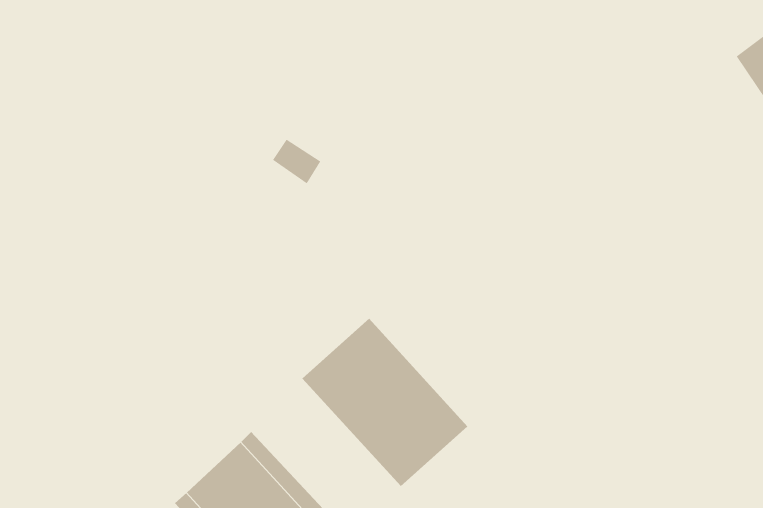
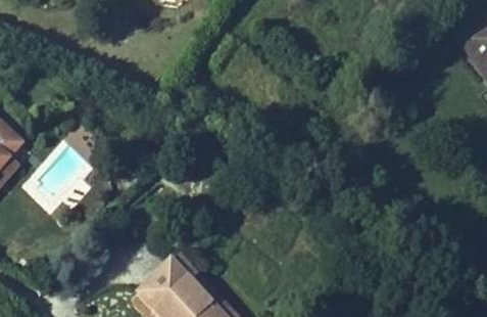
building: [302,318,468,487] -> none

